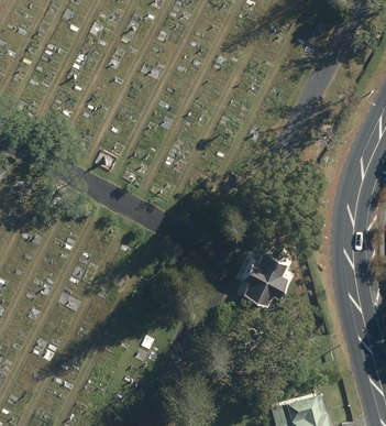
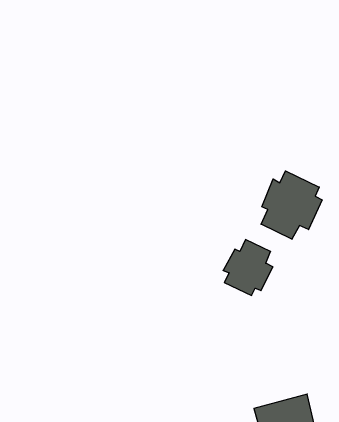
building: none -> [261,171,322,239]

